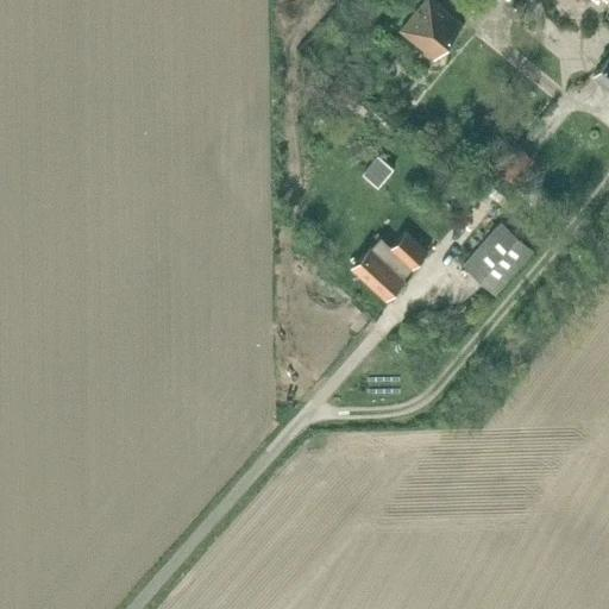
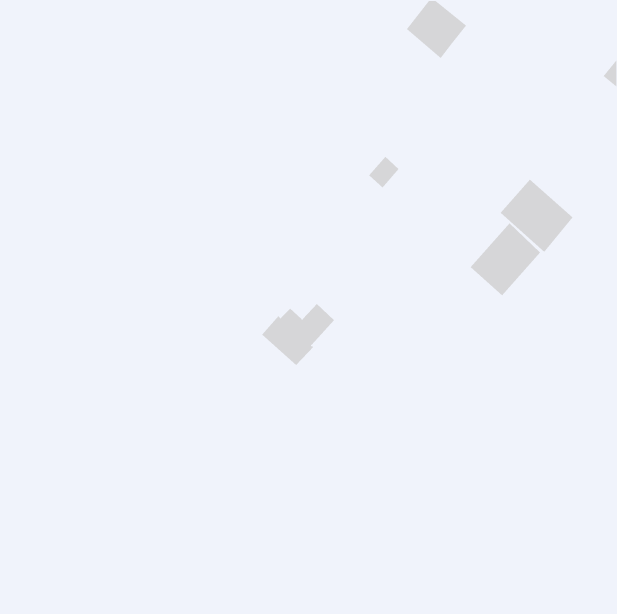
building: none -> [500,179,574,253]
building: [352,237,425,299] -> [261,303,335,366]

